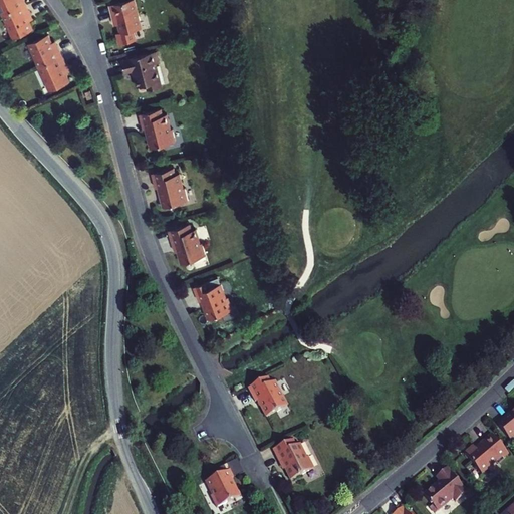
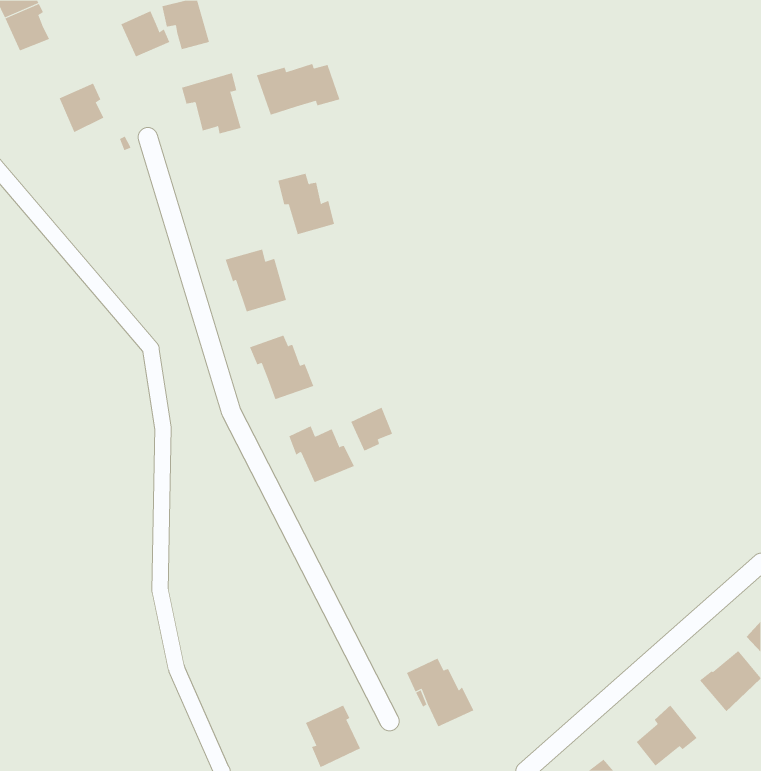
building: [29,34,62,65] -> [120,11,170,57]
building: none -> [256,63,340,115]
building: [138,108,176,150] -> [278,173,335,235]
building: none -> [350,407,393,451]
building: [247,375,285,417] -> none

